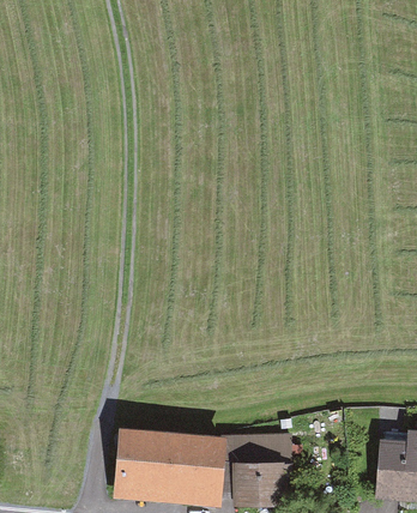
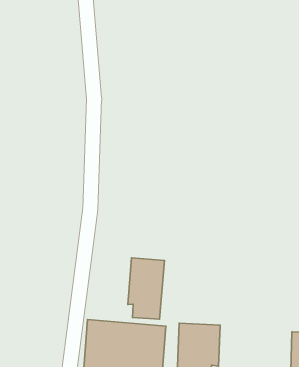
building: none -> [128,258,164,319]

